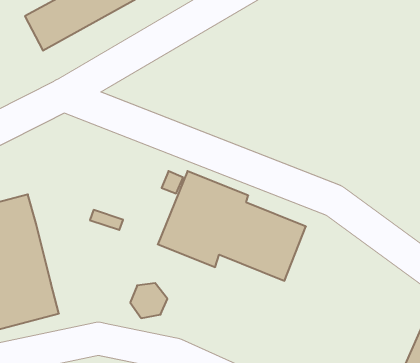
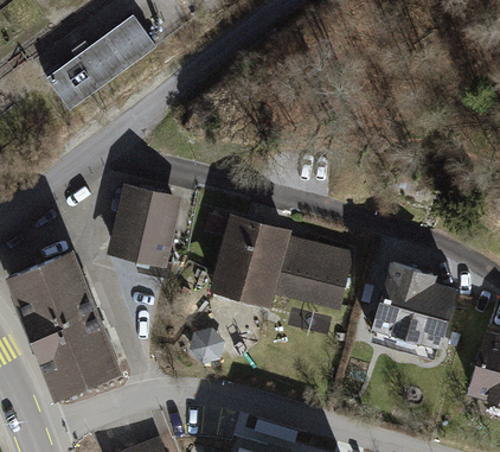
building: none -> [113,191,177,262]
building: none -> [372,261,456,346]

